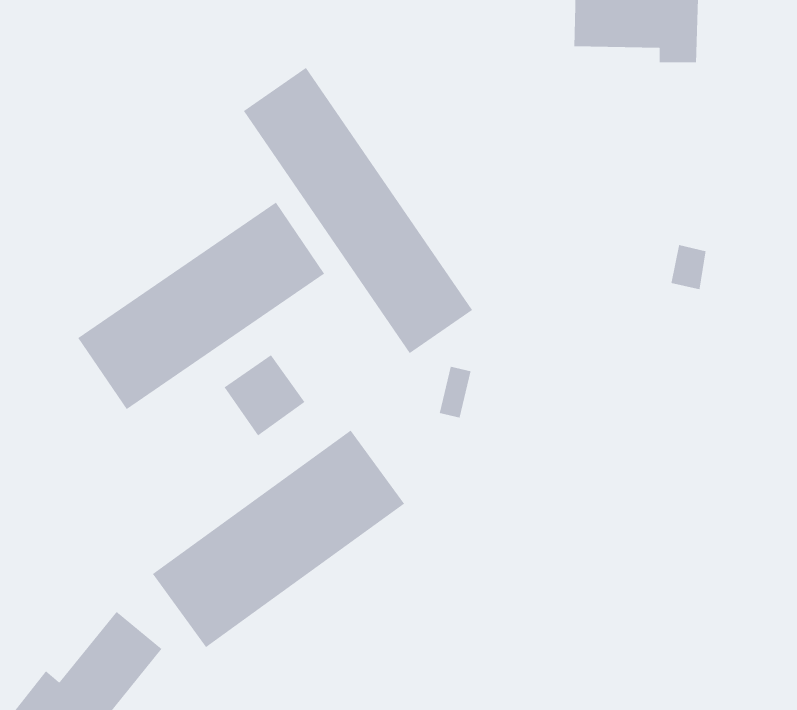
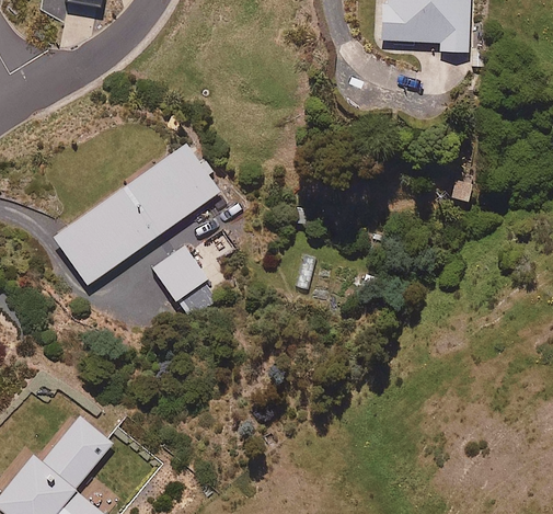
building: [243,67,473,354] -> none
building: [152,429,405,648] -> none

